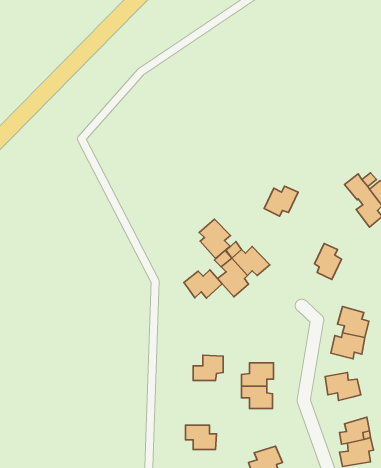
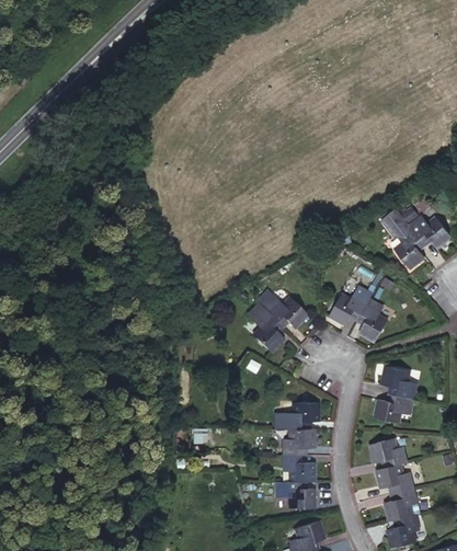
building: [264,186,298,216] -> [329,287,367,321]
building: [199,219,231,258] -> none
building: [184,270,222,298] -> none
building: [193,355,223,380] -> [278,400,312,428]
building: none -> [377,467,415,497]
building: [185,425,216,449] -> [275,480,310,507]

